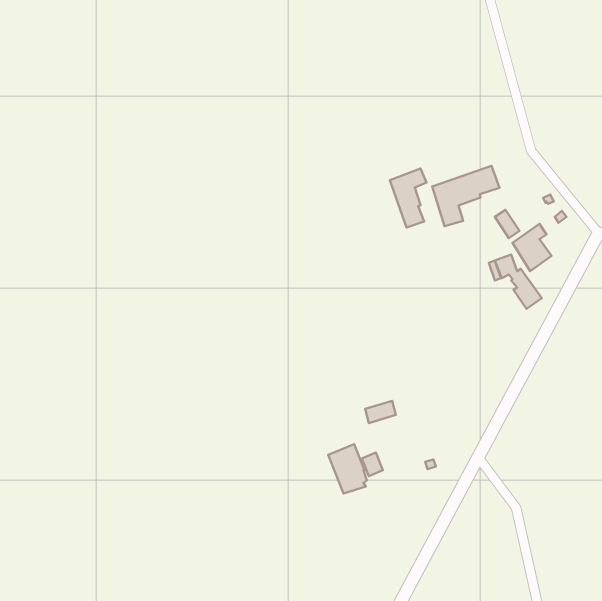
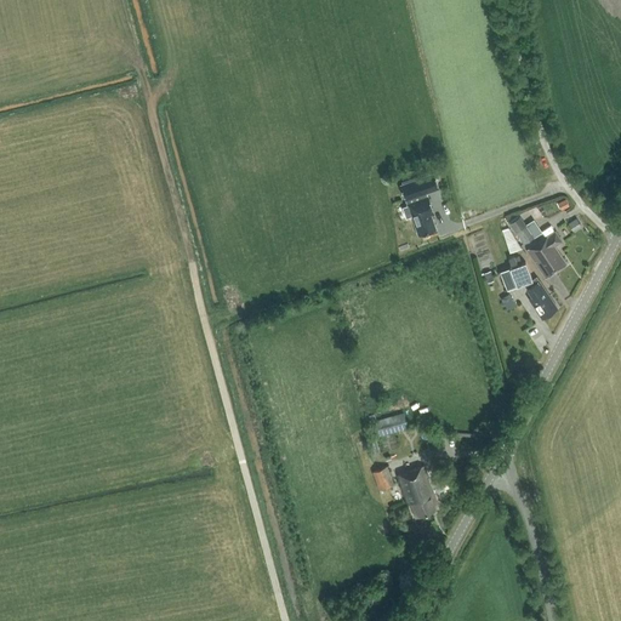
building: [432,166,500,226] -> none
building: [328,444,367,494] -> [398,466,438,517]

